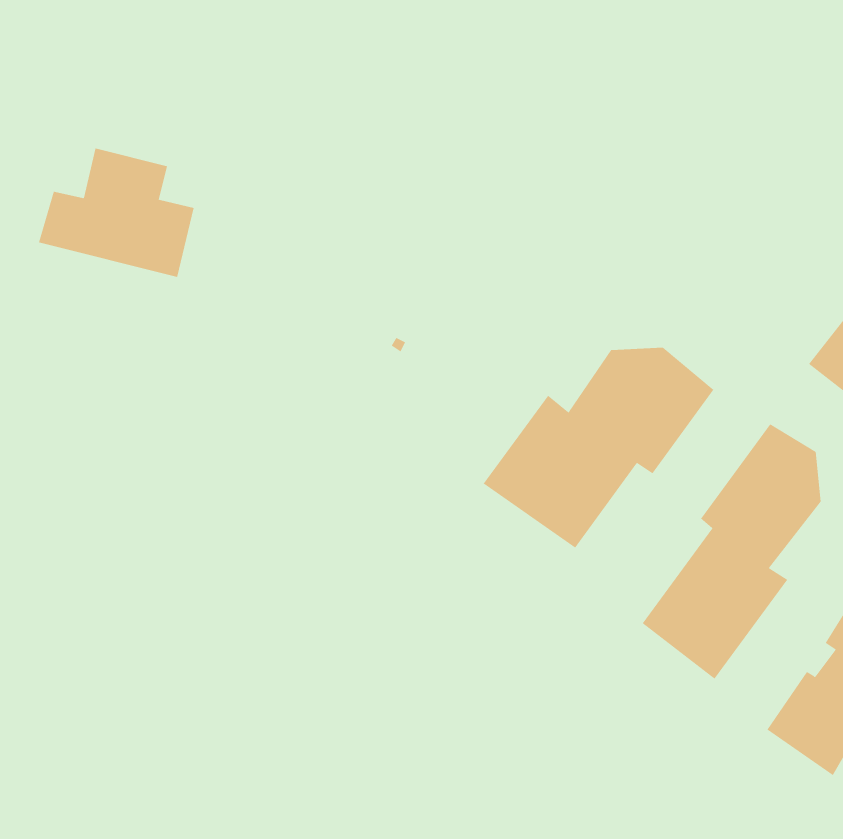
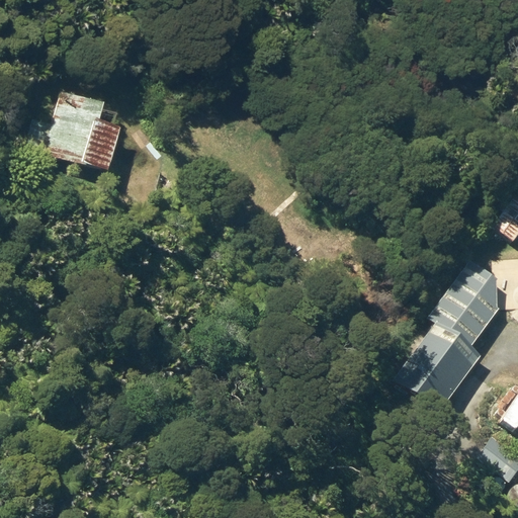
building: [483,347,714,549] -> none

